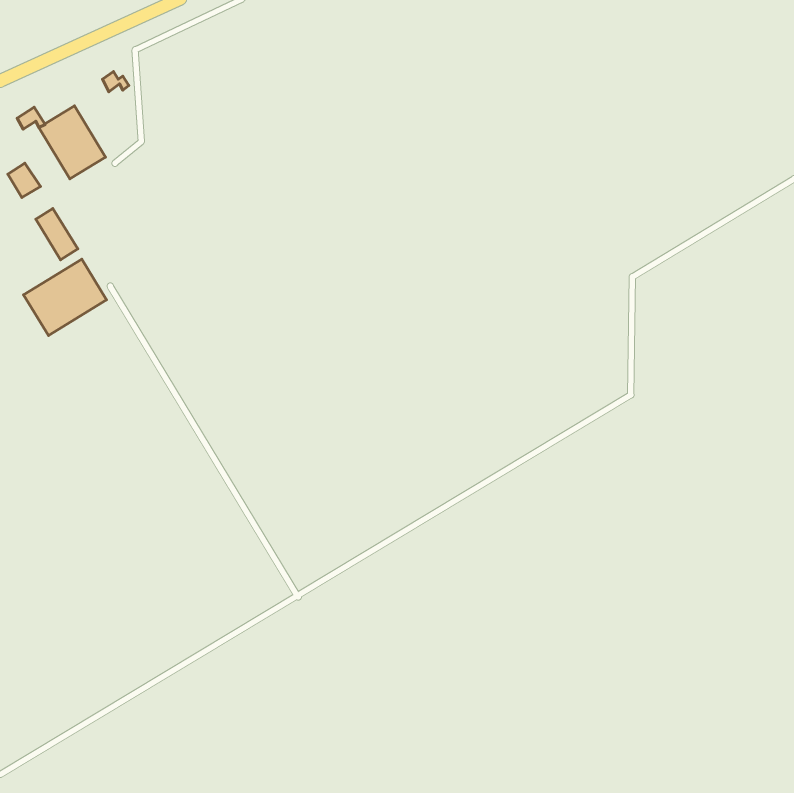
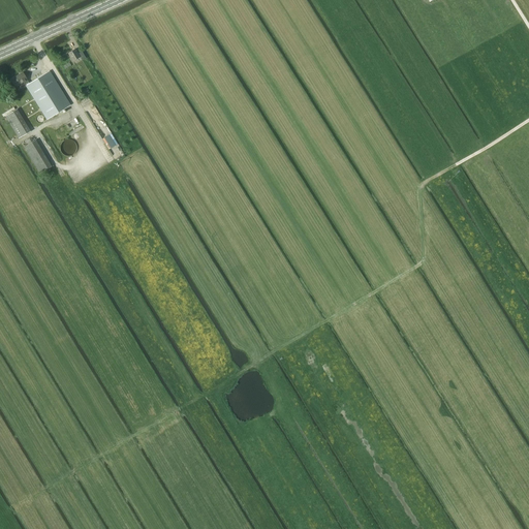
building: [24,259,107,336] -> none

